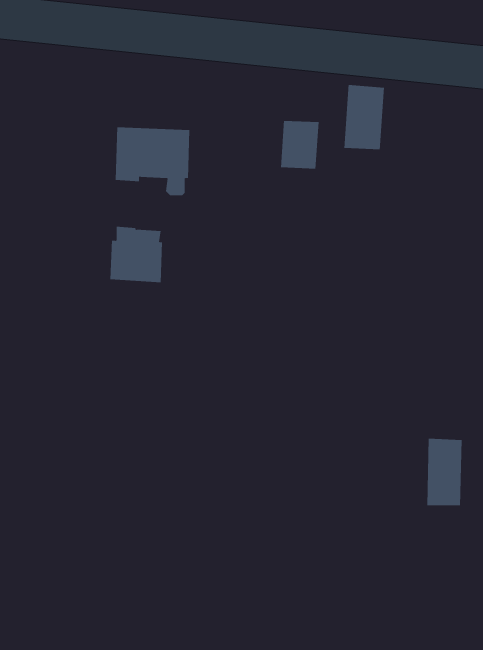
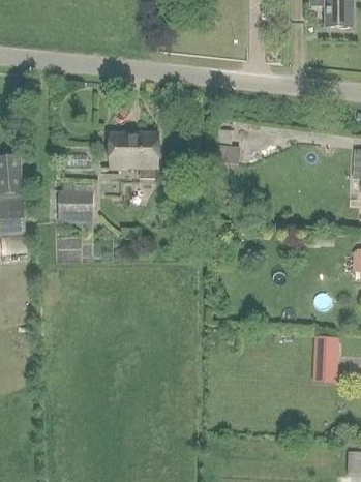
building: [344,84,384,150] -> none
building: [109,226,163,283] -> [57,180,92,217]

